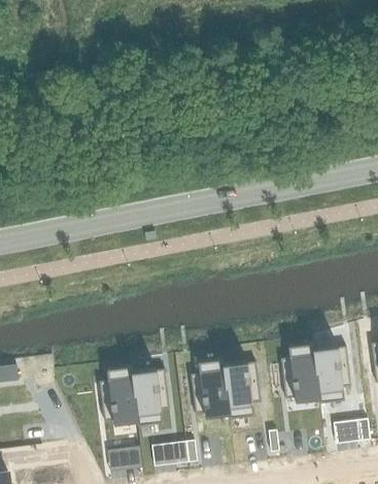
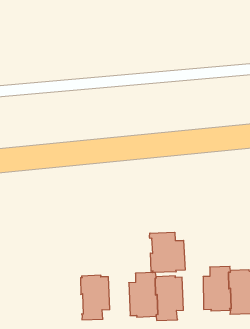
building: none -> [150,232,185,273]
building: [98,366,137,423] -> none

